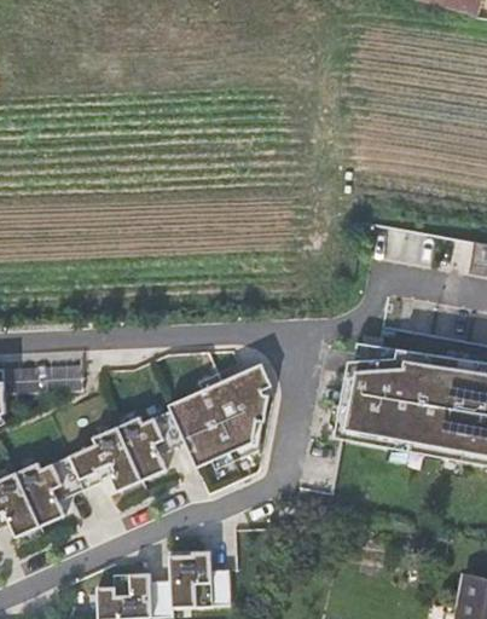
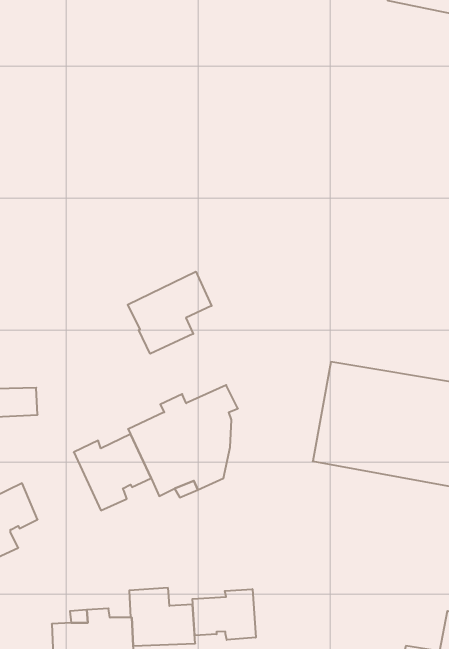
building: none -> [128,272,212,354]
building: [69,426,143,491] -> none
building: none -> [192,589,256,640]

